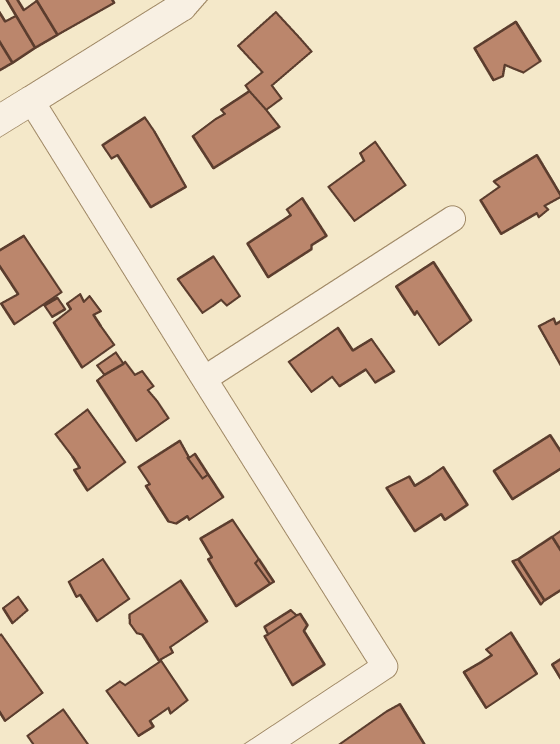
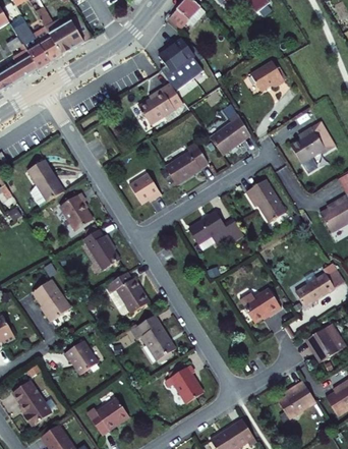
building: [475,22,540,80] -> [248,60,284,92]
building: [102,118,186,207] -> none
building: [56,410,125,490] -> [35,276,72,320]
building: [130,580,207,661] -> none

